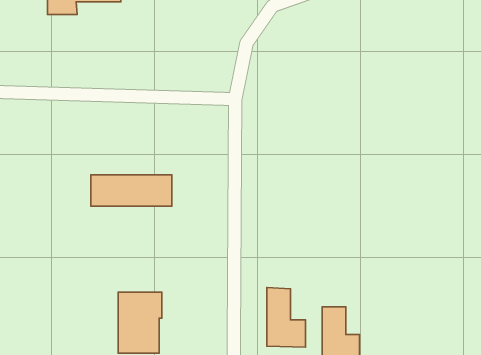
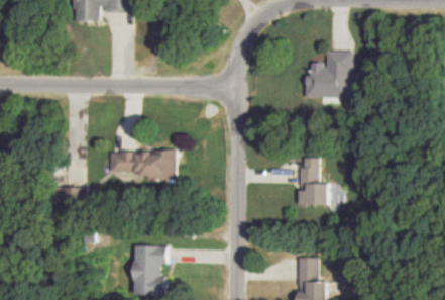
building: none -> [305,51,350,97]
building: [267,287,305,347] -> [298,157,329,205]

